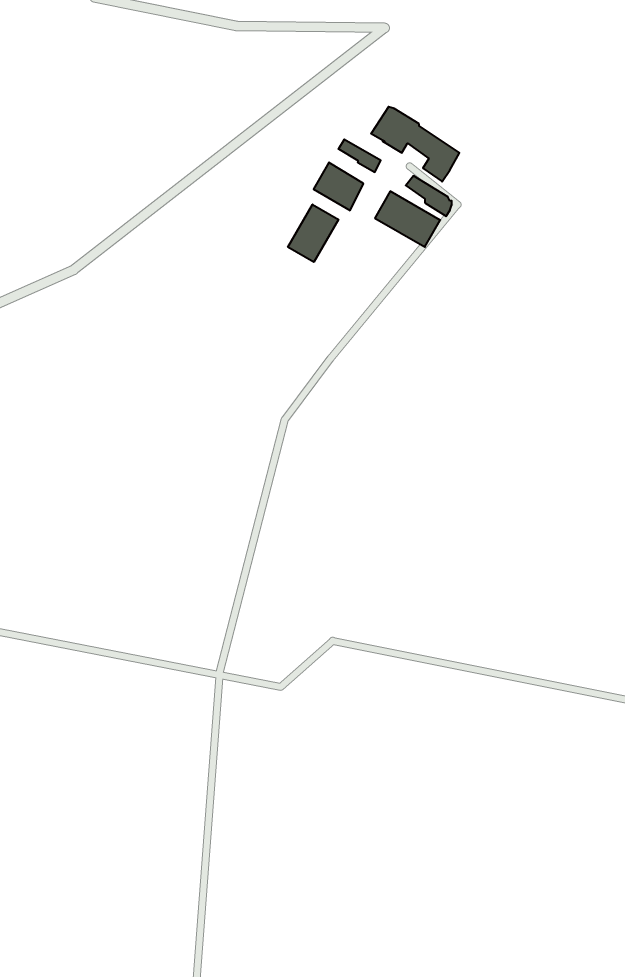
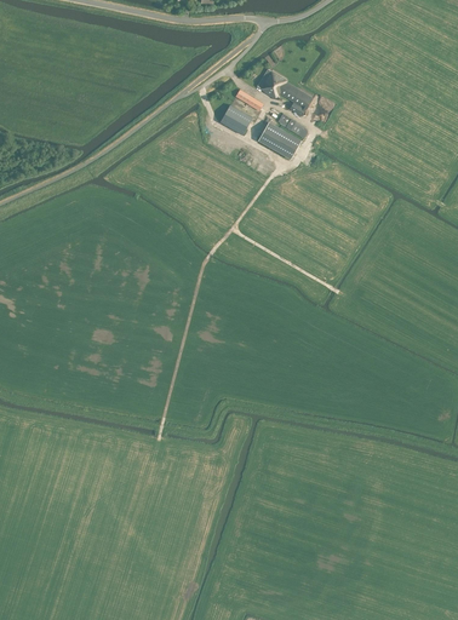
building: [288,204,338,262] -> none

